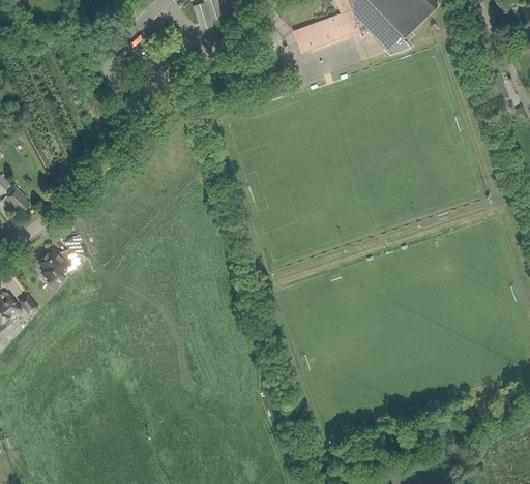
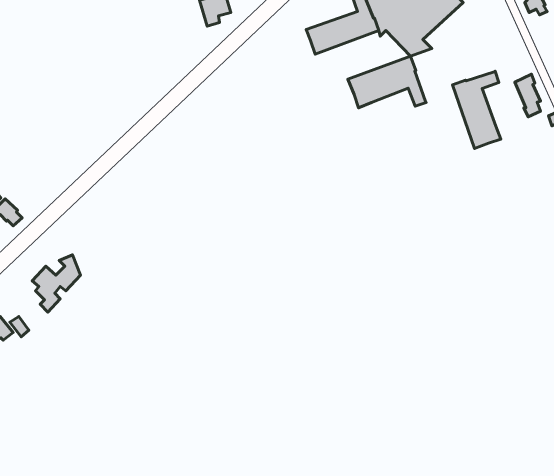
building: none -> [348,56,426,108]
building: none -> [452,71,501,148]

